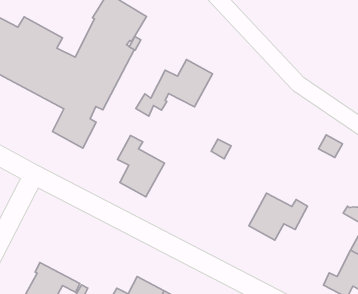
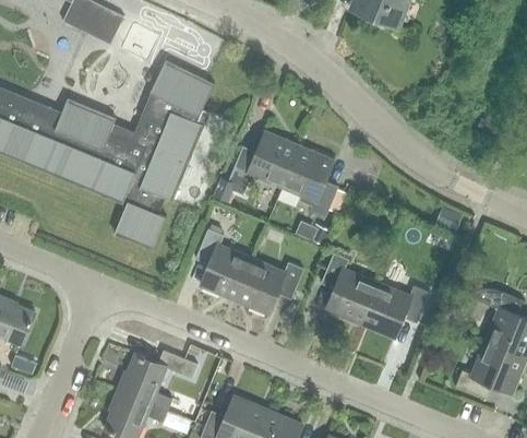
building: none -> [282,145,338,216]
building: none -> [233,258,303,315]
building: none -> [321,253,378,323]
building: none -> [115,352,195,412]

